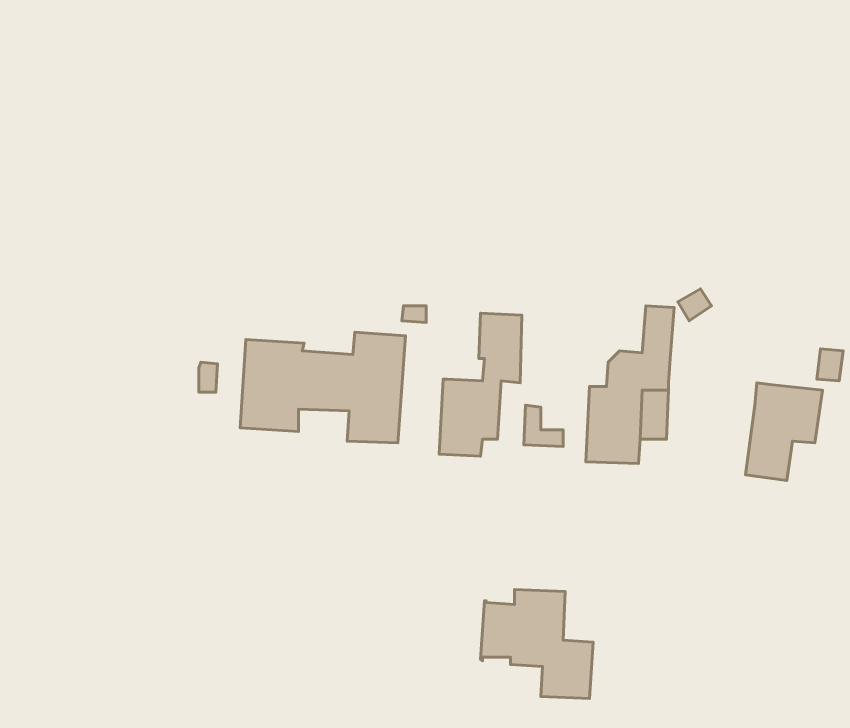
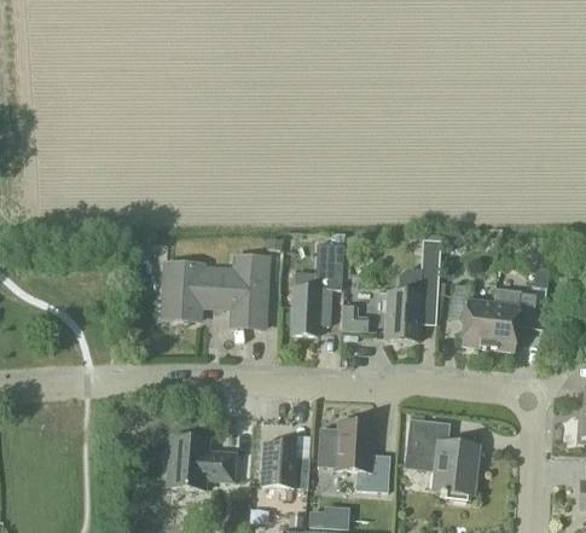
building: none -> [449,283,494,347]
building: none -> [405,418,478,499]
building: none -> [167,436,236,488]
building: none -> [261,442,311,488]

